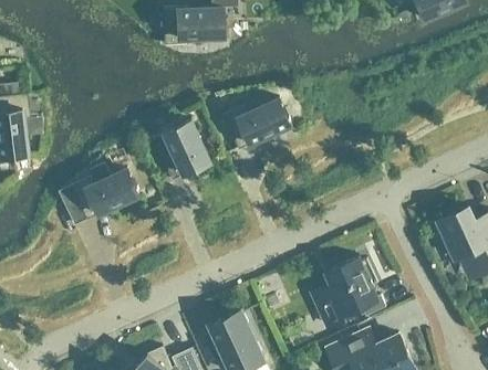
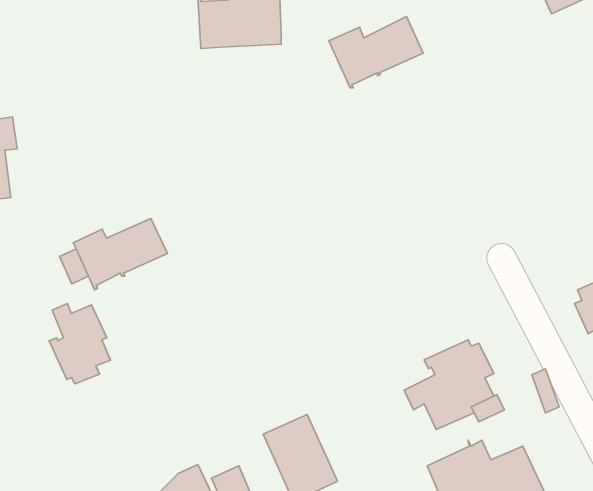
building: [224,98,292,150] -> [329,17,423,88]
building: [154,121,211,181] -> none
building: none -> [49,303,111,384]

